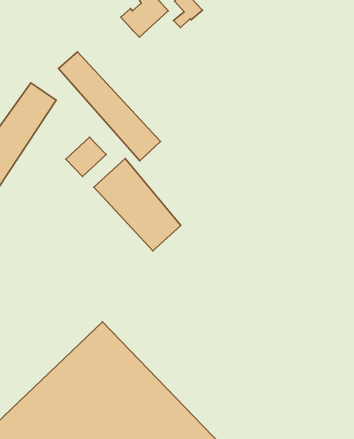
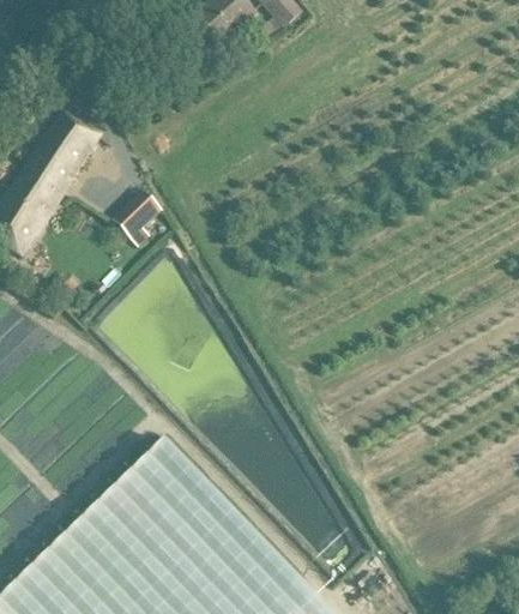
building: [58,52,161,161] -> none
building: [94,158,181,251] -> none

